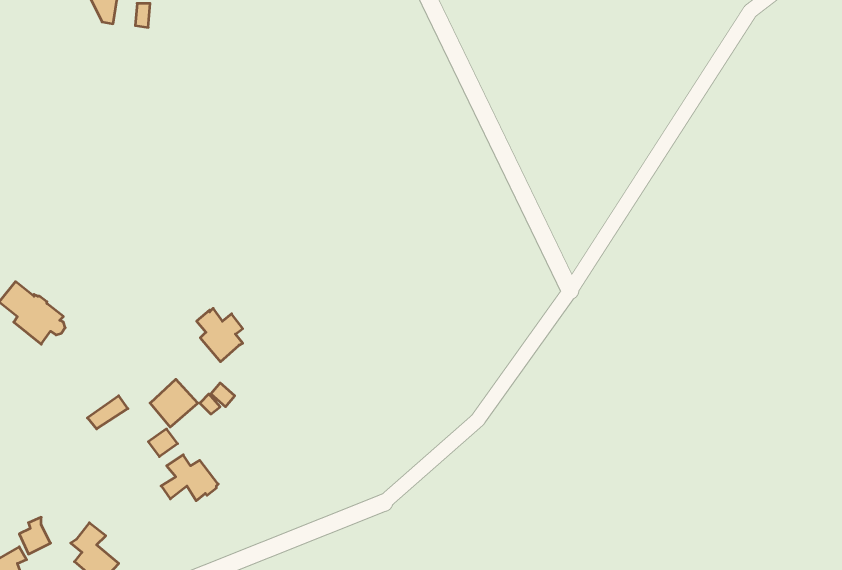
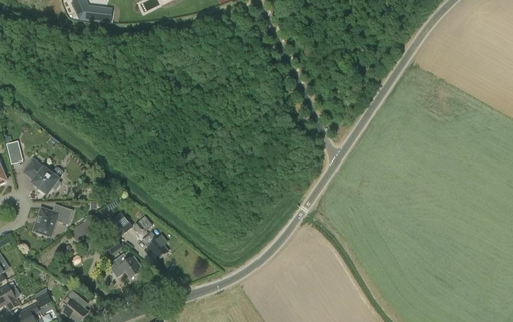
building: [197,308,243,362] -> [143,231,168,260]
building: none -> [33,204,72,235]

